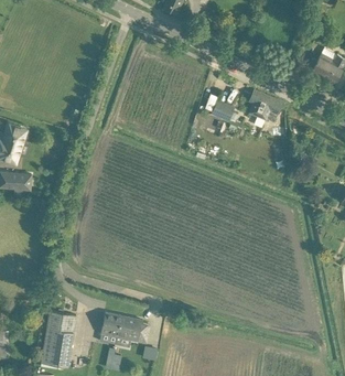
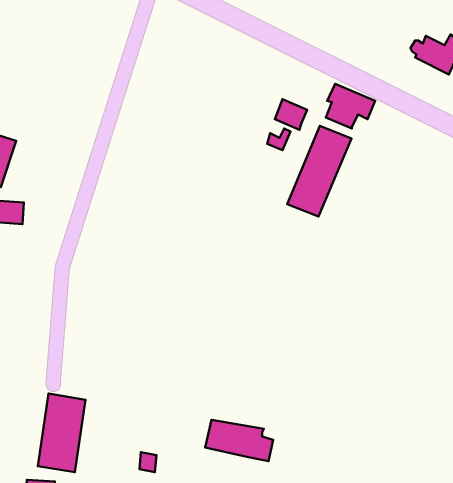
building: none -> [287,126,352,217]
building: [101,313,150,343] -> [205,420,273,461]

